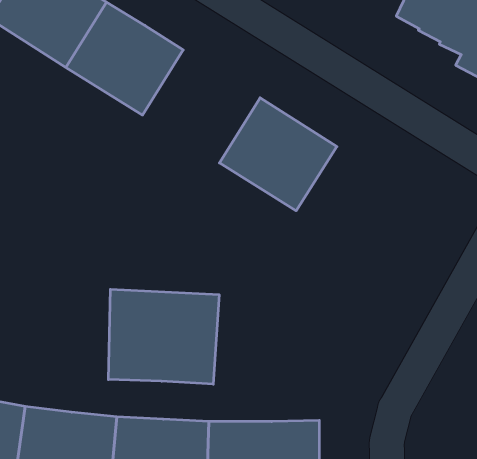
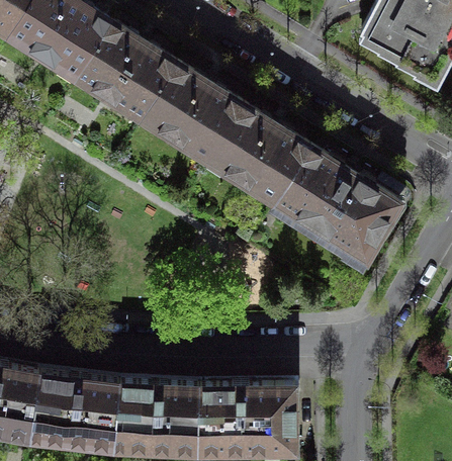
building: none -> [142,63,244,161]
building: none -> [275,147,399,268]
building: [108,289,219,384] -> none

